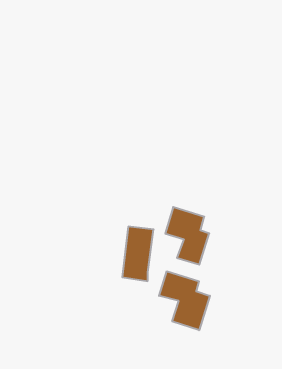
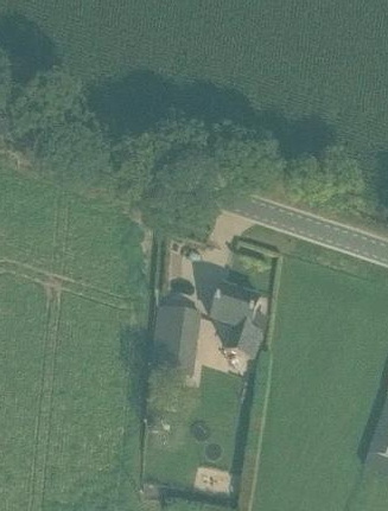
building: [159,271,210,330] -> none

